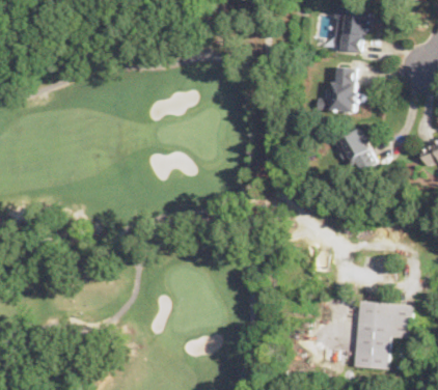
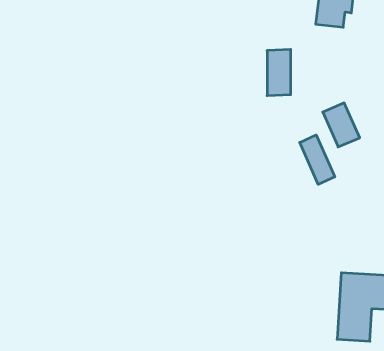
building: [331,65,355,112] -> [267,49,291,96]
building: none -> [300,135,335,184]

